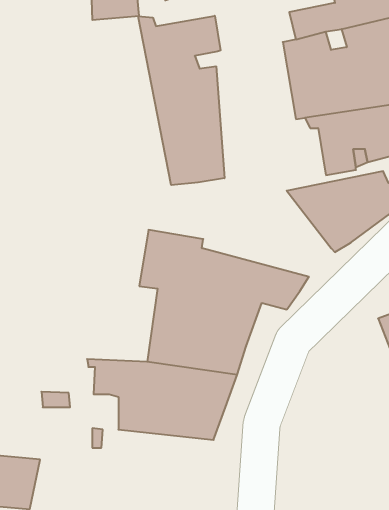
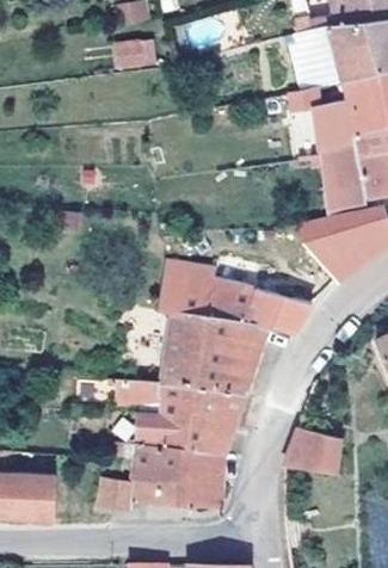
building: [138,16,224,185] -> none
building: none -> [285,426,344,474]
building: none -> [99,443,226,510]

